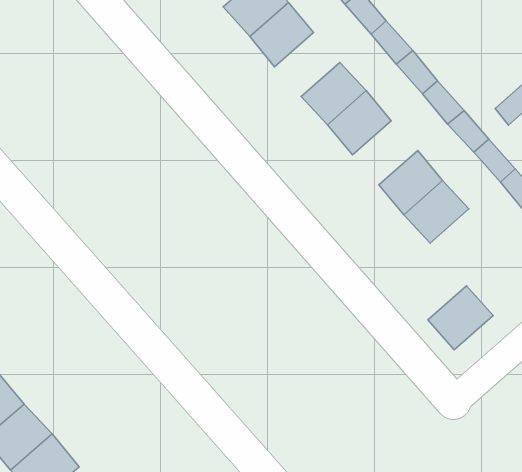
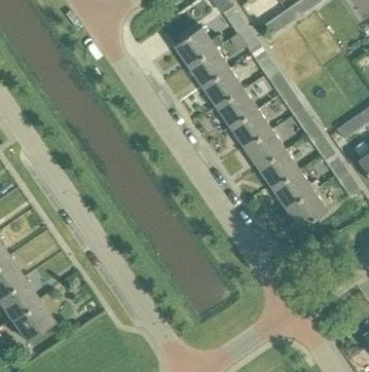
building: none -> [202,68,244,107]
building: none -> [245,128,286,168]
building: [428,286,493,350] -> [287,189,328,228]

